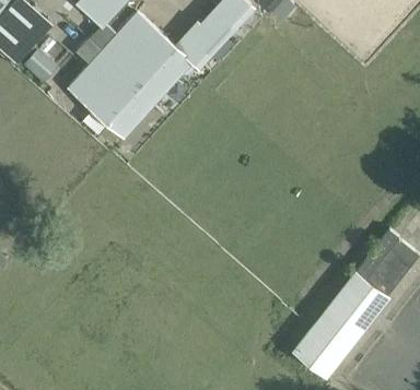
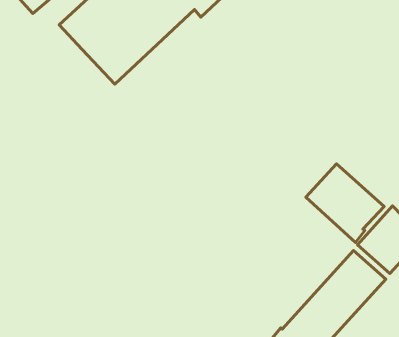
building: none -> [306,164,384,242]

